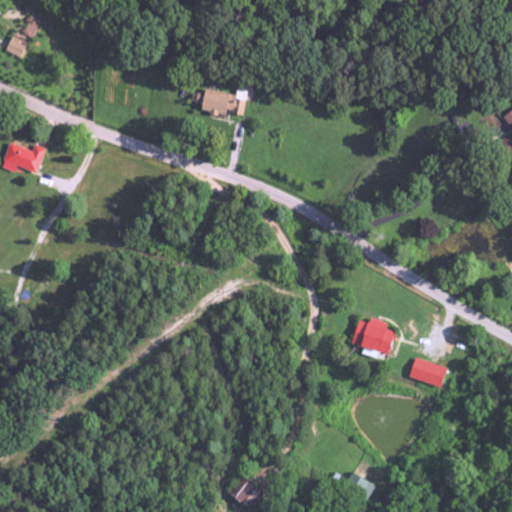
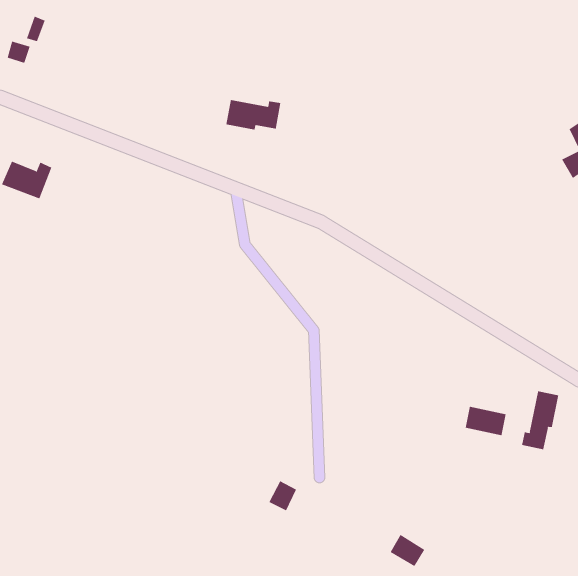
building: [353,318,395,355] -> none
building: none -> [522,391,559,450]
building: [232,476,257,503] -> [269,481,297,511]

